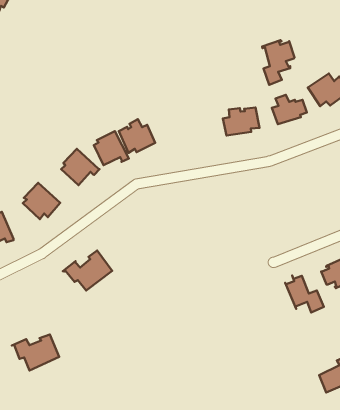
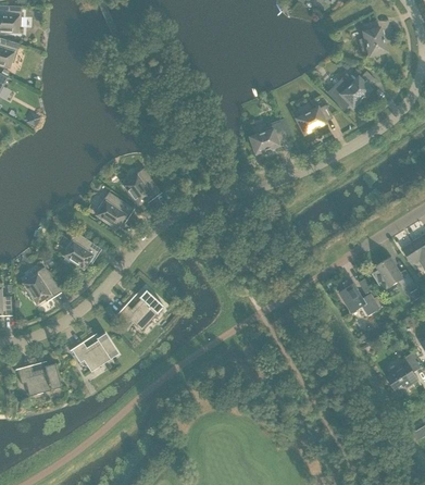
building: [262,40,295,85] -> none
building: [119,119,155,153] -> none
building: [12,334,59,370] -> [68,333,117,372]

